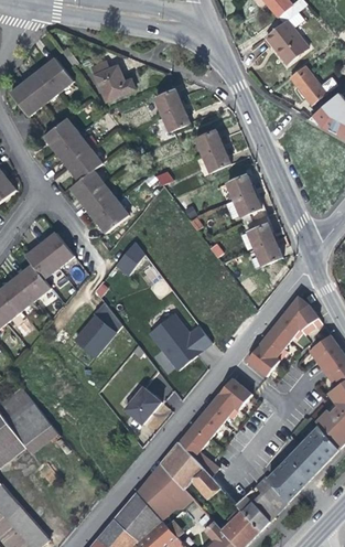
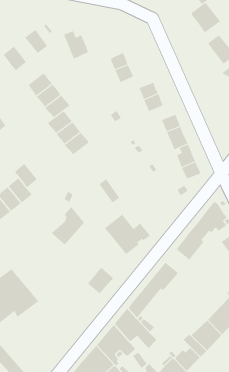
building: [24,71,56,104] -> none
building: [39,230,72,265] -> none
building: [112,242,145,276] -> none

